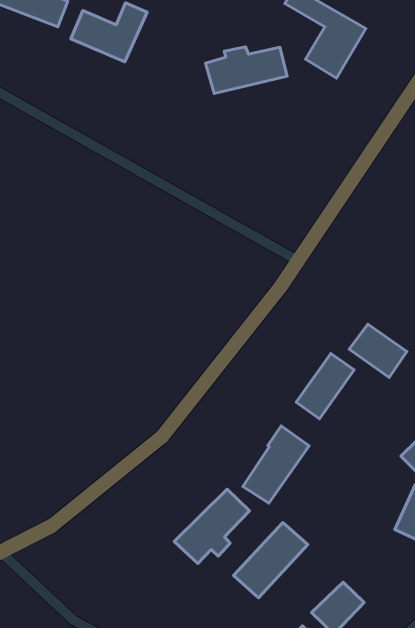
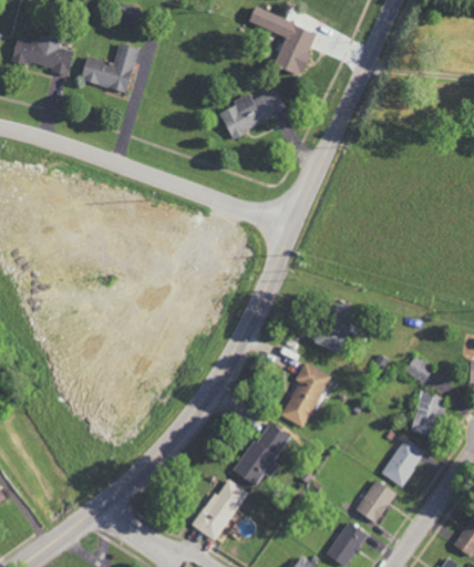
building: [206,47,287,93] -> [218,90,286,136]
building: [349,324,407,377] -> none
building: [234,522,308,598] -> [193,477,248,542]
building: none -> [380,439,425,487]

